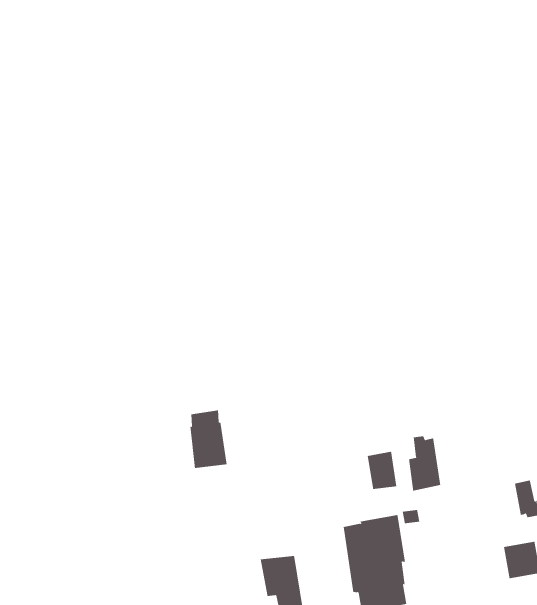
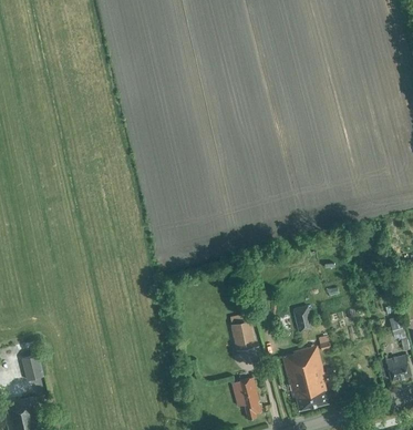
building: [189,410,228,468] -> [230,313,257,351]
building: [409,435,441,492] -> none

